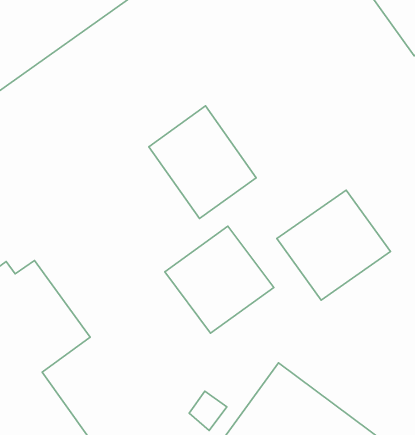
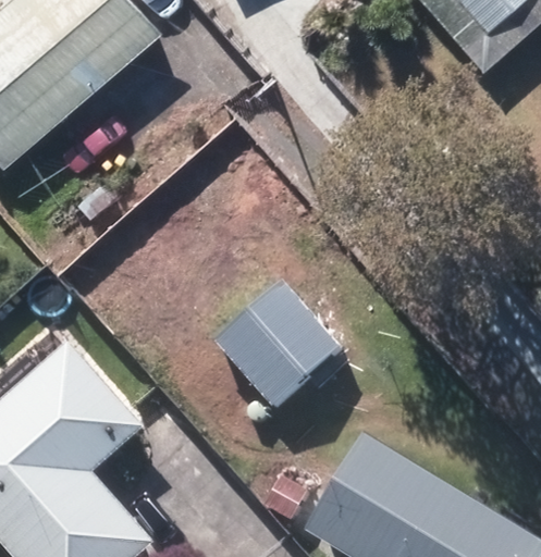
building: [149,106,256,219] -> none
building: [277,190,391,300] -> none

